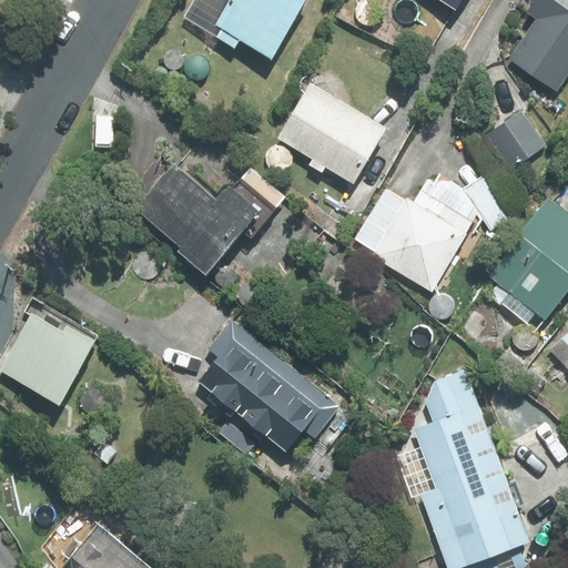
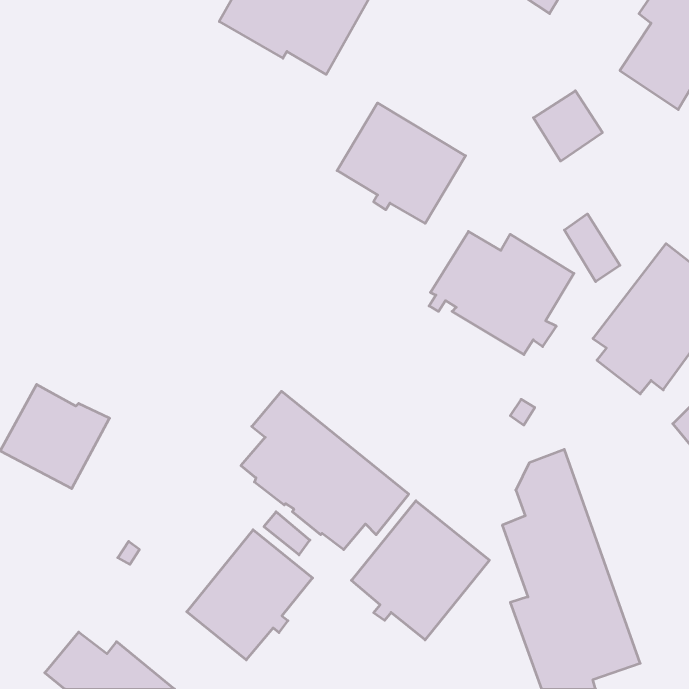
building: [488,111,545,169] -> [533,91,602,161]
building: [135,165,256,276] -> none
building: none -> [351,501,489,640]
building: none -> [187,530,313,660]

